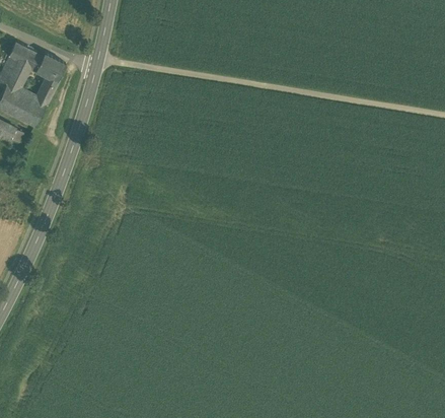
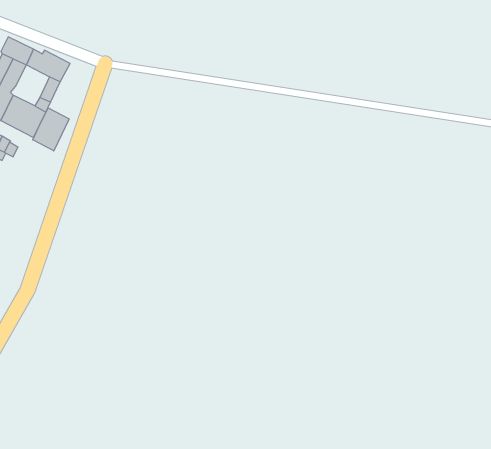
building: none -> [33,108,69,151]

